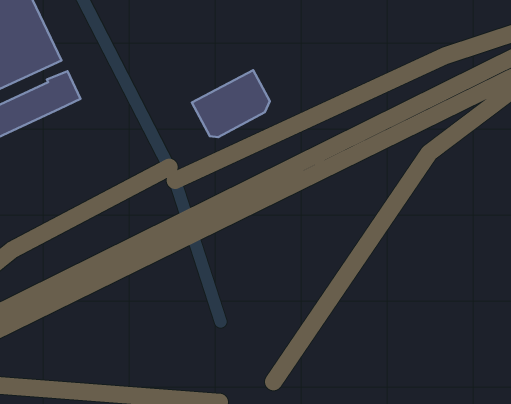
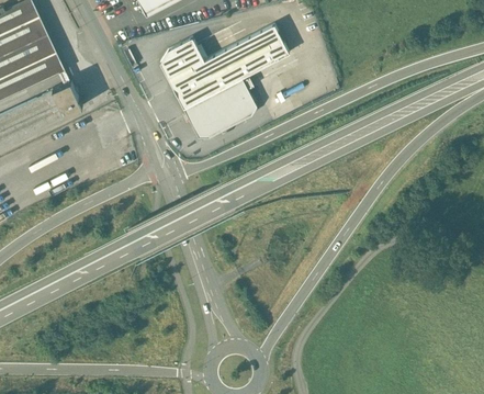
building: none -> [159,23,289,108]

